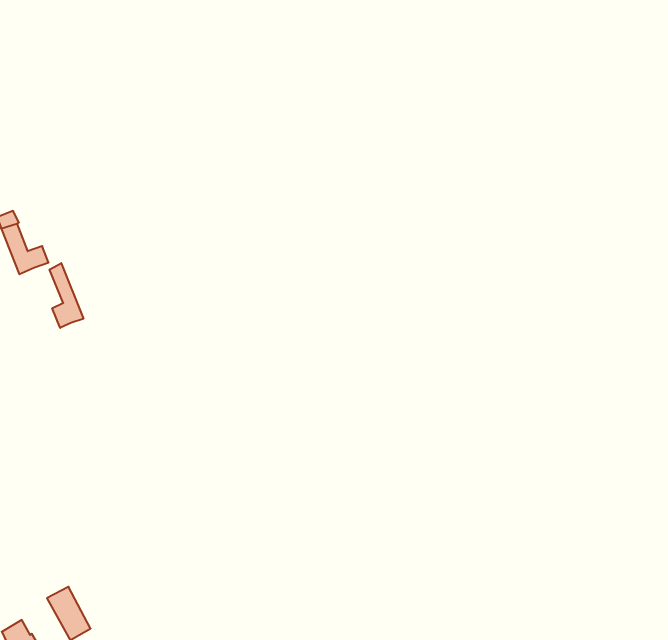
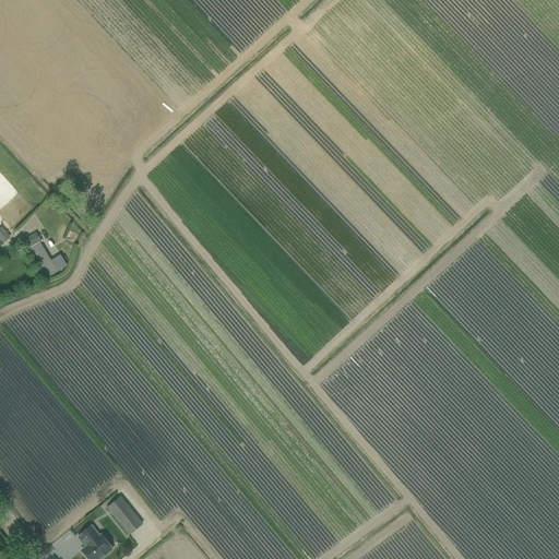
building: [50,263,83,328] -> none

